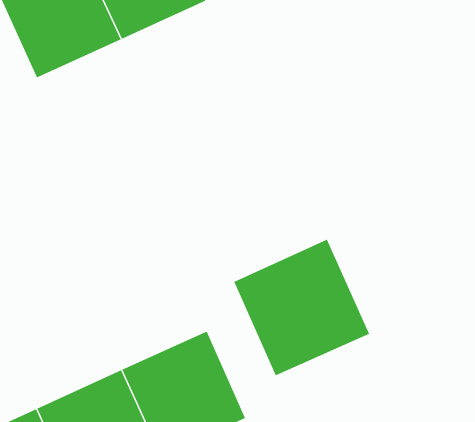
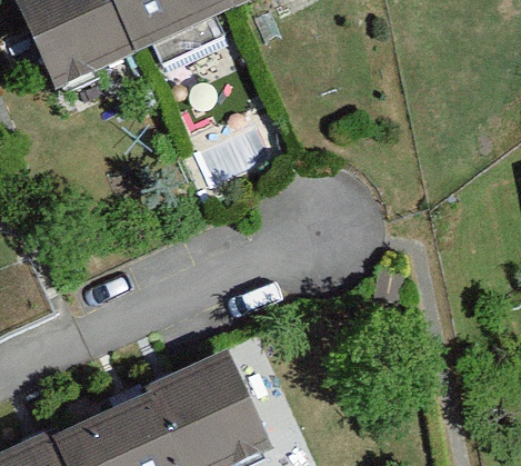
building: [233,239,370,376] -> none

